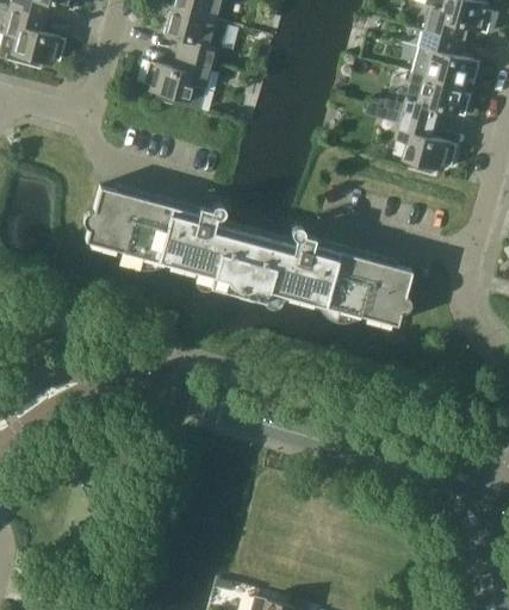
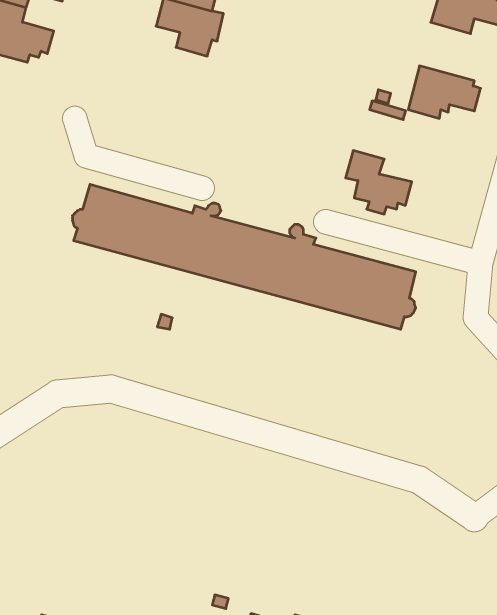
building: [416,33,483,89] -> none
building: [144,57,213,113] -> none
building: [398,117,461,178] -> [346,151,412,214]

